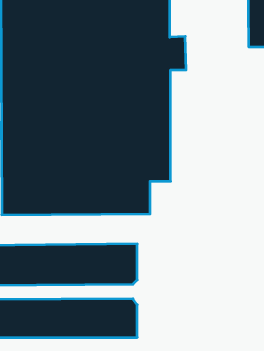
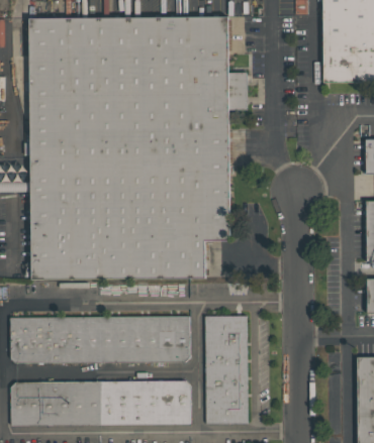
building: none -> [204,315,247,424]

